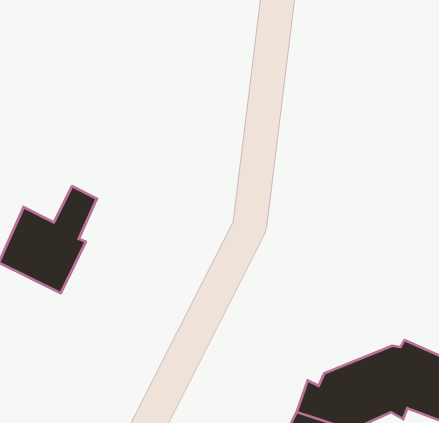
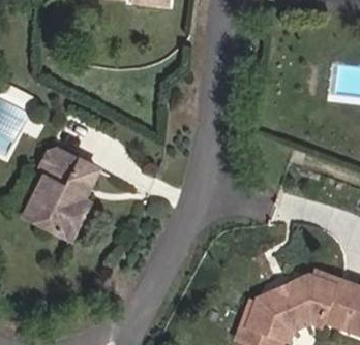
building: none -> [37,152,77,190]

